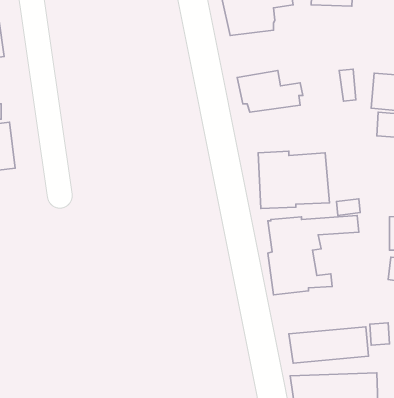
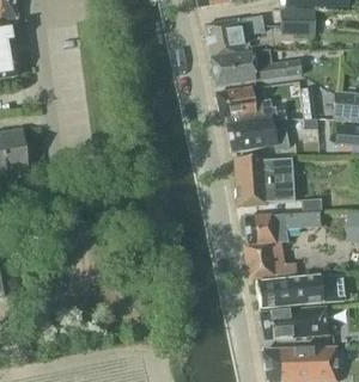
building: none -> [211,49,302,86]
building: none -> [226,117,288,152]
building: none -> [255,273,339,308]

